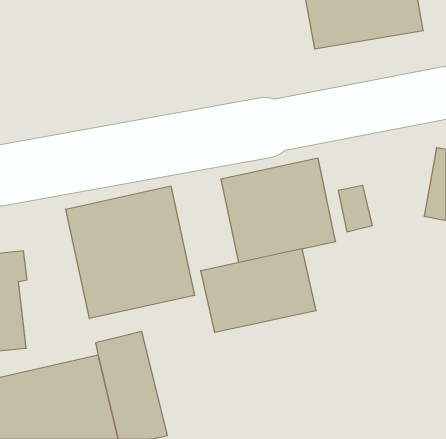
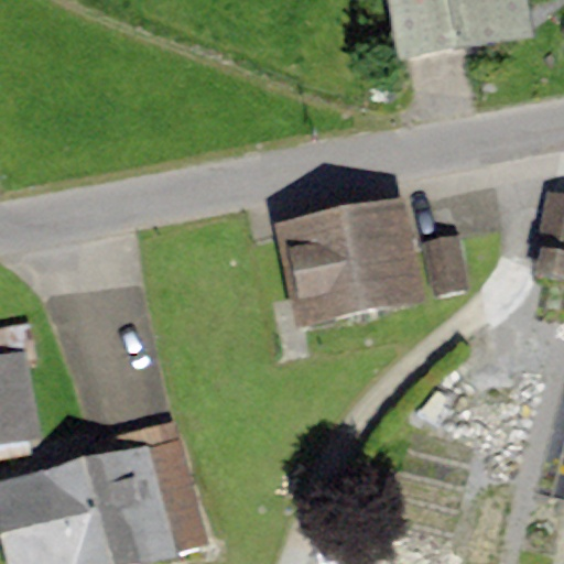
building: [66,186,195,319] -> none
building: [201,249,316,333] -> none

